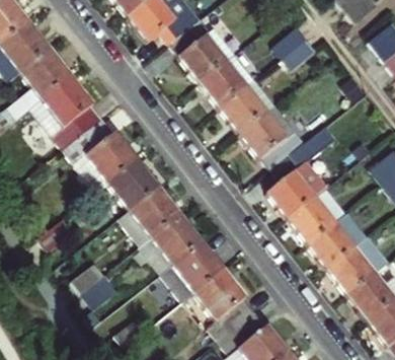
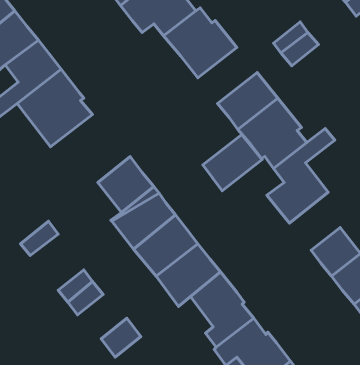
building: [203,56,258,109] -> [203,135,262,191]
building: [64,119,139,192] -> none
building: [289,192,346,246] -> none

